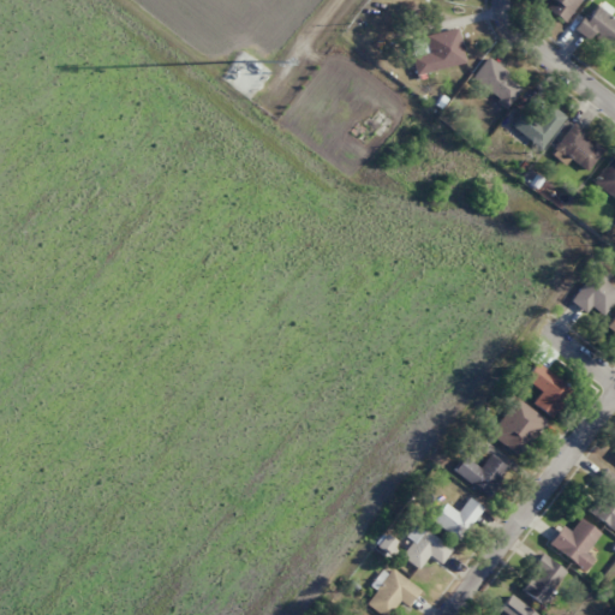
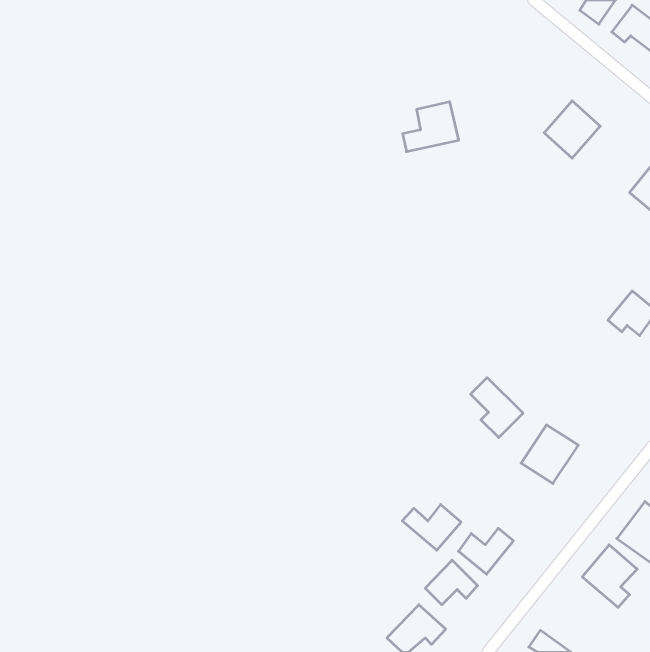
building: [414,28,467,74] -> [403,102,459,152]
building: [473,58,525,108] -> none
building: [551,124,605,171] -> none
building: [524,360,573,417] -> [471,378,523,438]
building: [456,454,512,497] -> [402,504,461,550]
building: [519,554,567,604] -> none

